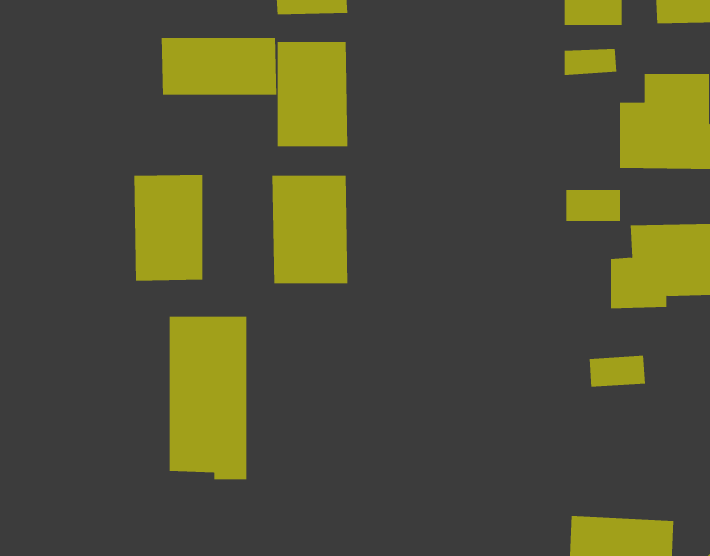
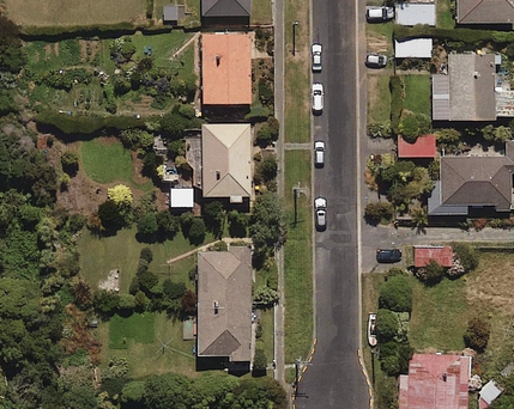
building: [161,37,277,95] -> none
building: [134,174,203,281] -> none
building: [169,316,247,480] -> [198,250,250,360]

